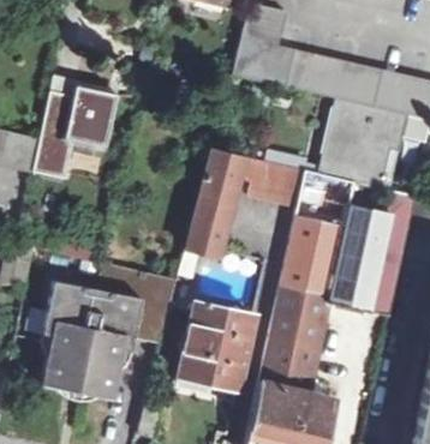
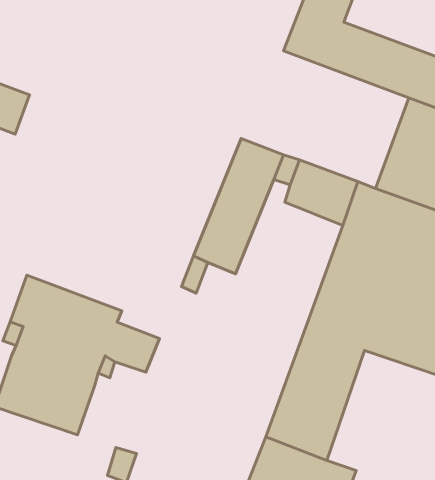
building: [35,78,121,176] -> none
building: [183,301,256,383] -> none

